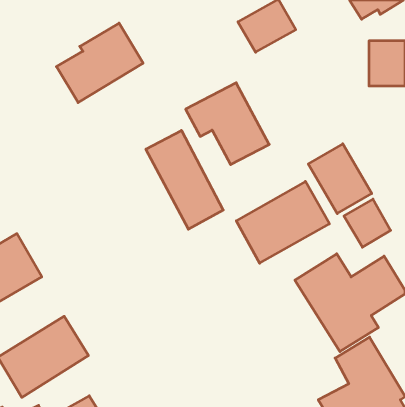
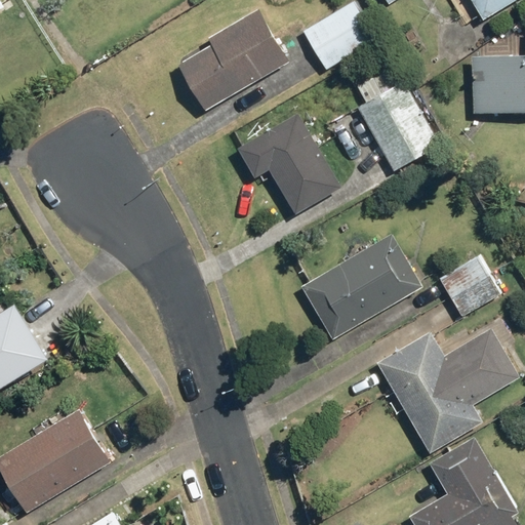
building: [56,23,143,103] -> [178,8,289,110]
building: [146,130,223,229] -> none
building: [308,144,372,214] -> [357,81,438,170]

